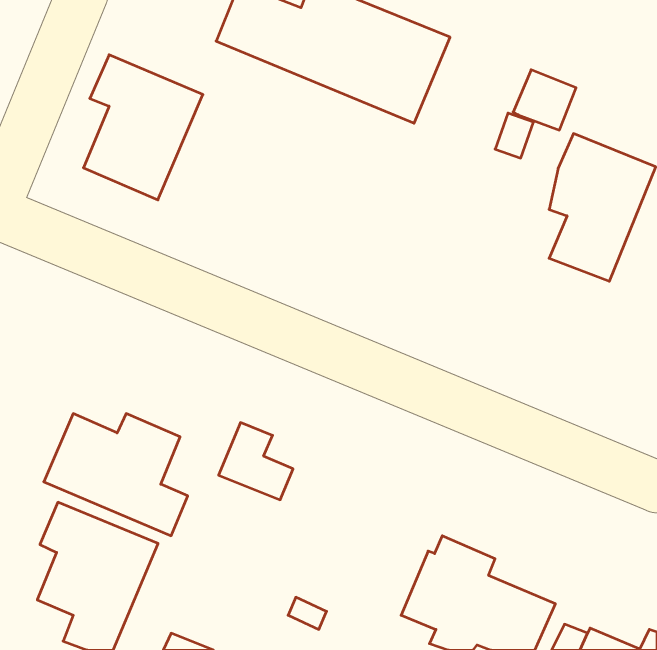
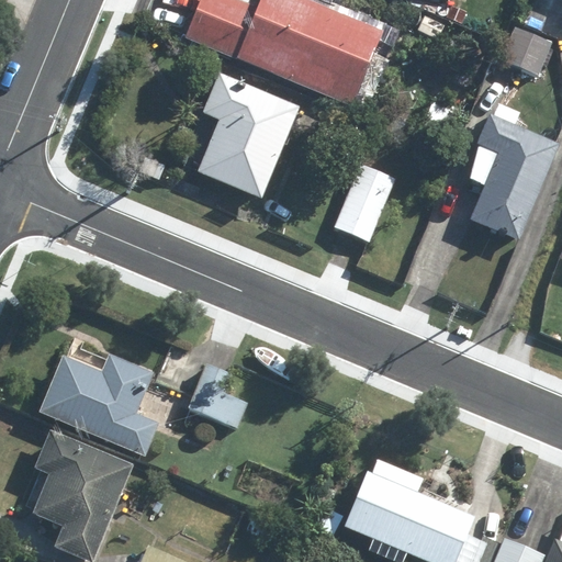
building: [83,55,203,200] -> [198,75,300,199]
building: [513,70,576,130] -> [499,23,553,75]
building: none -> [334,161,396,240]

